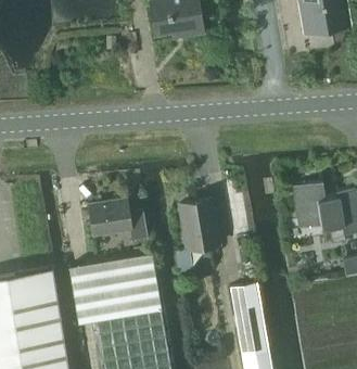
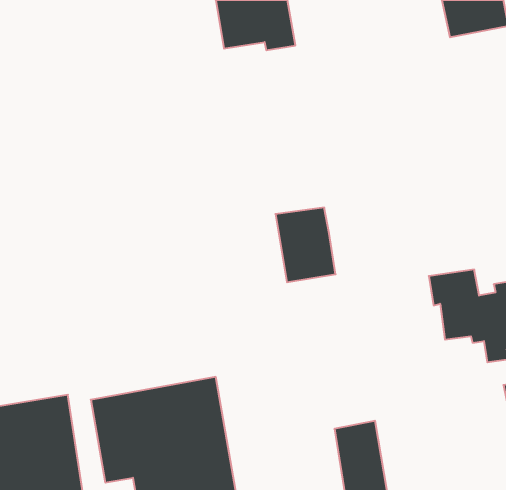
building: [88,200,146,240] -> none
building: [179,202,219,252] -> [275,208,336,282]

